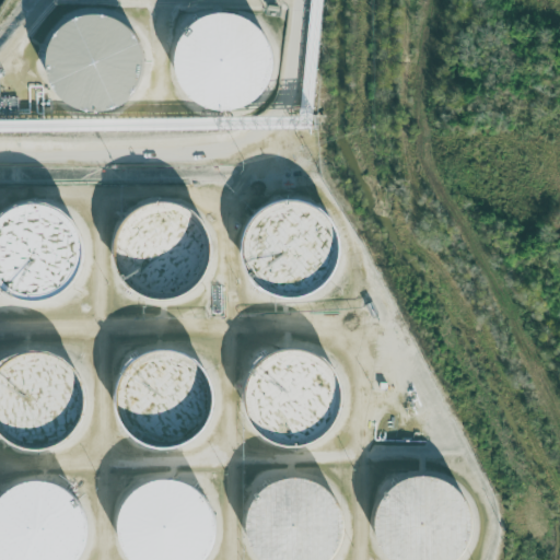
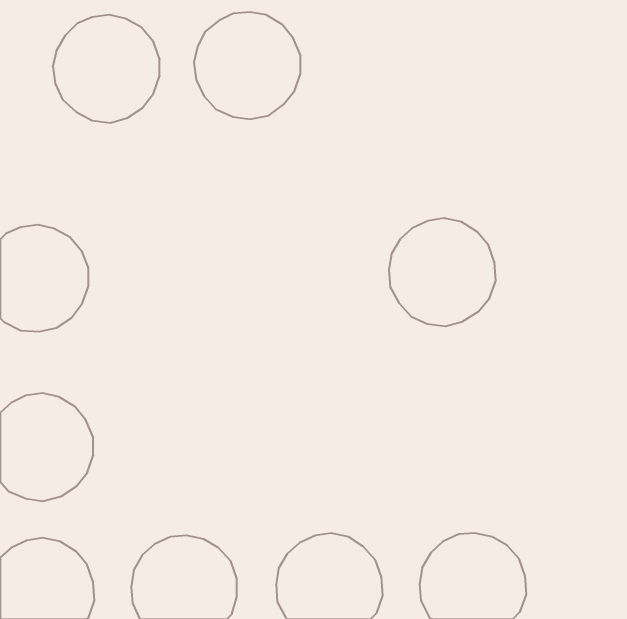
building: [114,199,209,295] -> none
building: [242,199,337,295] -> [389,218,496,326]
building: [242,346,337,442] -> none
building: [115,347,210,442] -> none

